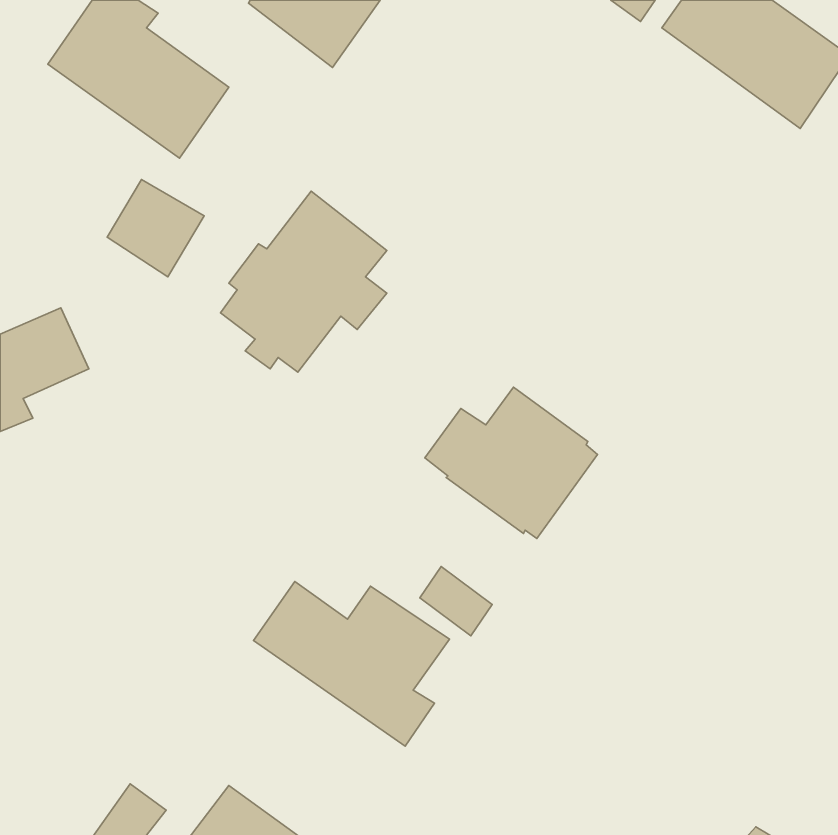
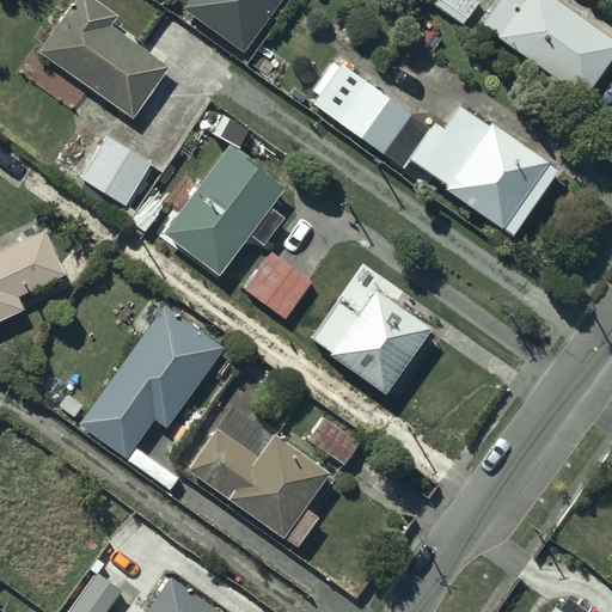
building: none -> [311,63,558,235]
building: none -> [243,251,312,319]
building: none -> [78,304,225,459]

